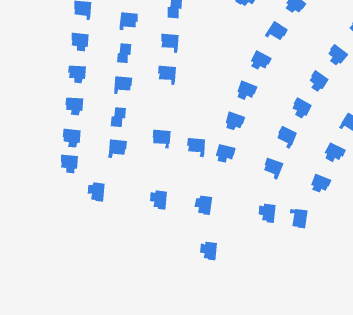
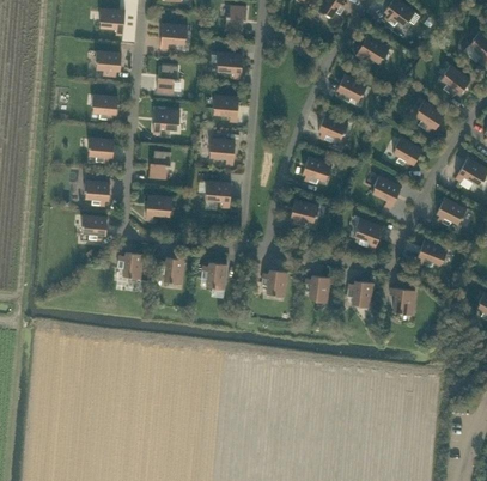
building: [186,137,206,158] -> [208,138,235,165]
building: none -> [158,257,184,284]
building: [199,241,218,261] -> [304,275,329,302]

